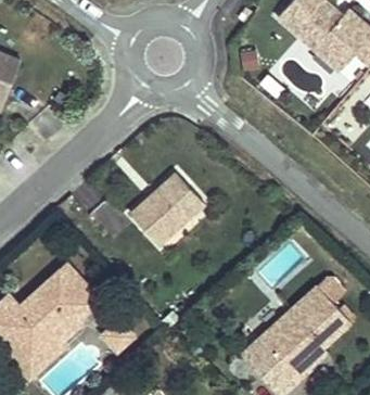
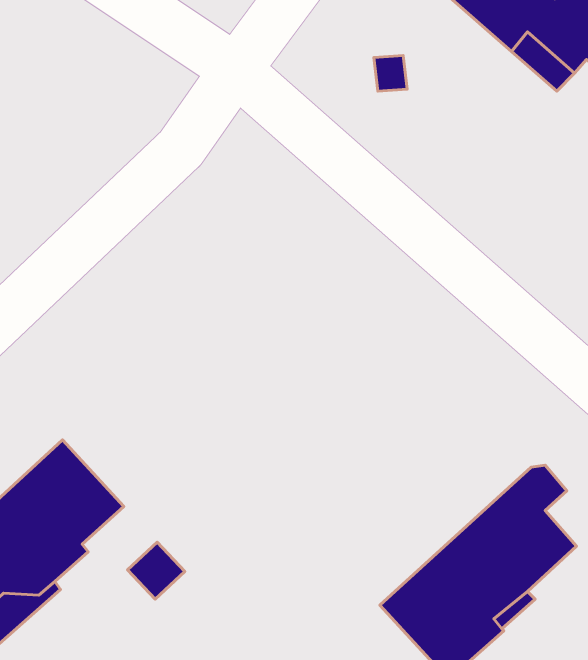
building: [130,173,204,245] -> none

